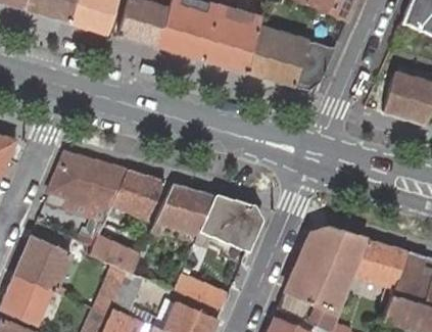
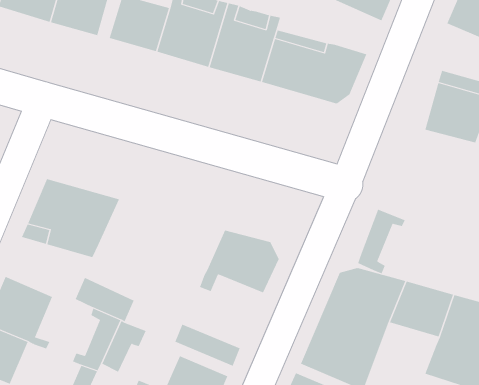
building: [100,170,164,234] -> none
building: none -> [358,209,406,274]
building: [150,182,214,234] -> none

